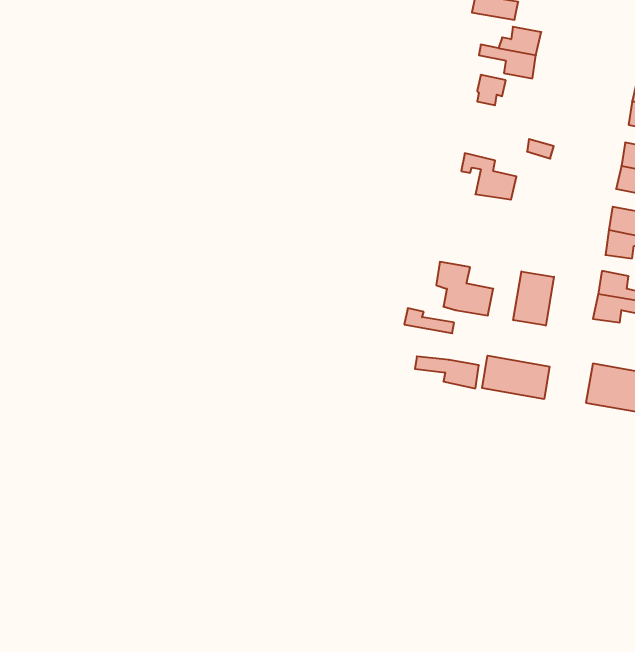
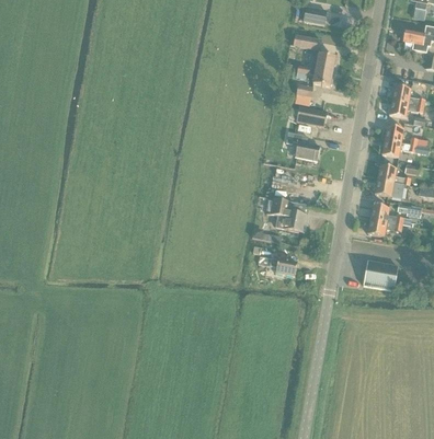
building: none -> [297,106,328,126]
building: [513,271,554,326] -> none
building: [482,356,550,399] -> none

